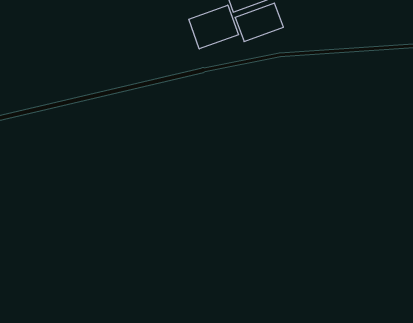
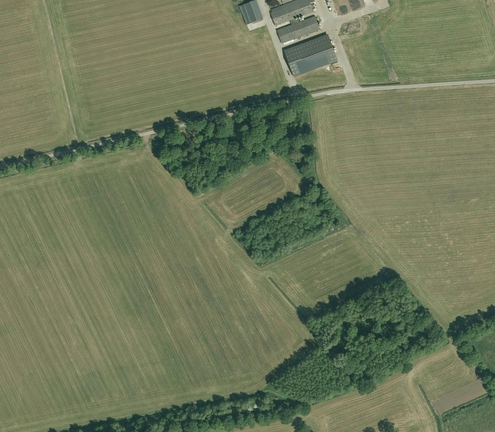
building: [189,5,238,49] -> none

